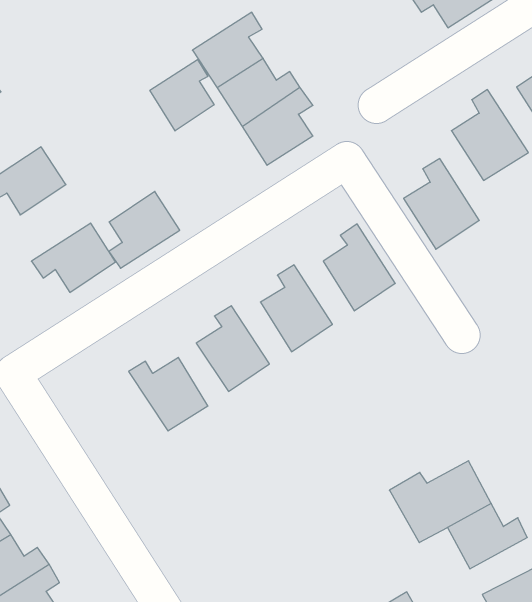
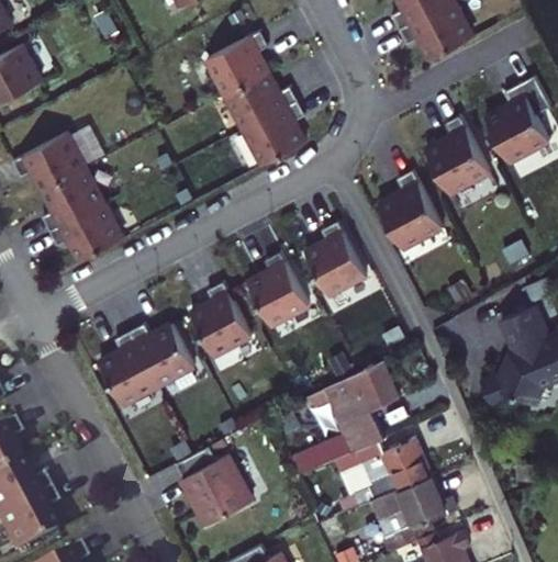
building: [150,60,214,131] -> none
building: [109,191,180,268] -> [44,168,107,232]
building: none -> [99,334,158,406]
building: none -> [291,357,399,474]
building: none -> [175,450,248,528]

